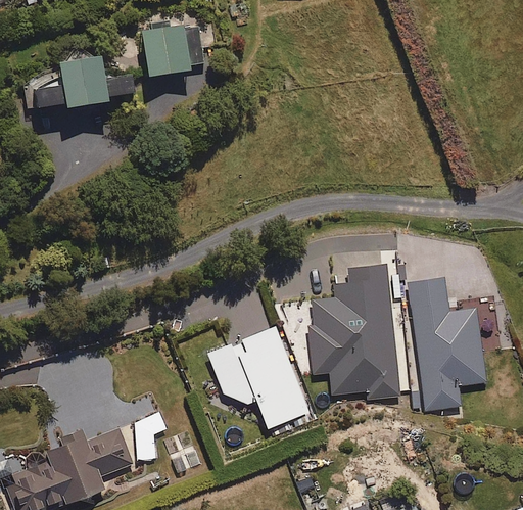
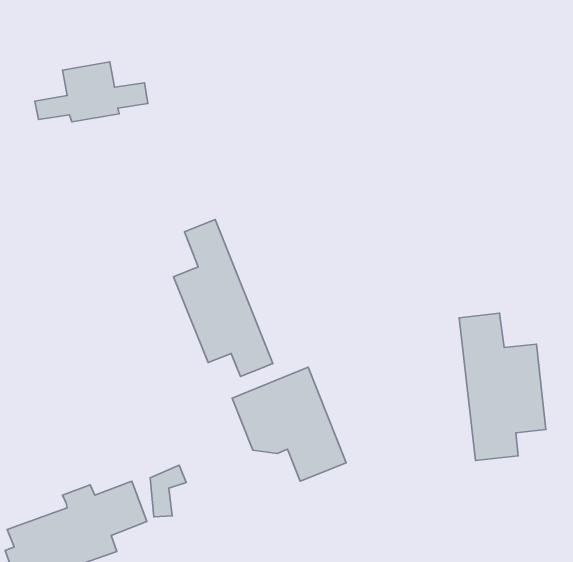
building: [141,25,188,76] -> none
building: none -> [174,220,273,377]
building: [307,264,400,398] -> none

